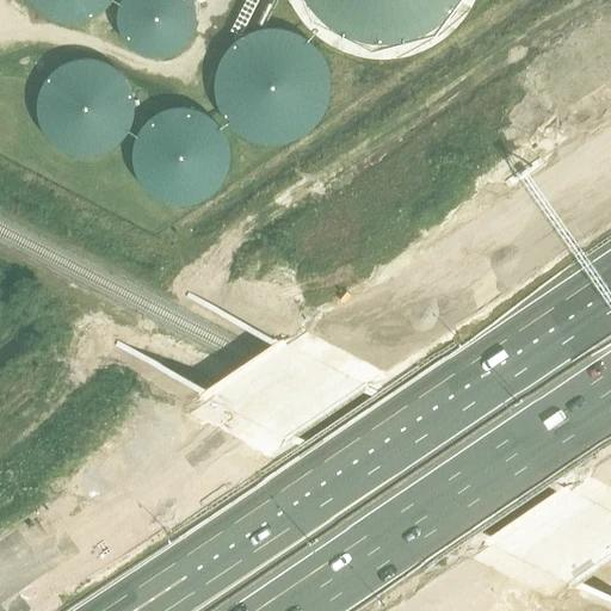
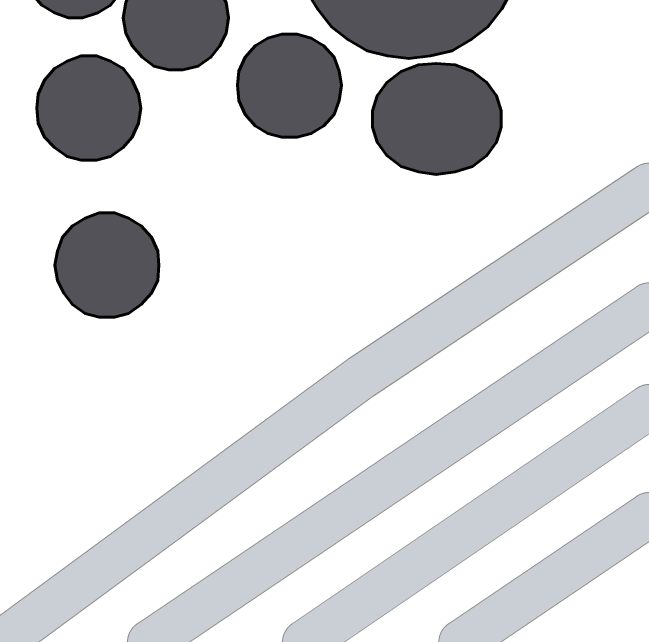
building: none -> [372,63,501,175]
building: [131,100,229,198] -> [55,213,159,317]

